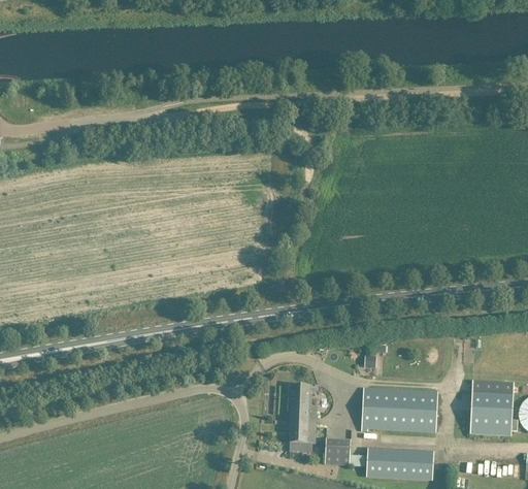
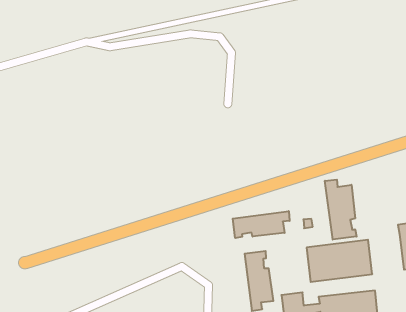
building: none -> [325,180,357,240]
building: none -> [233,211,290,238]

